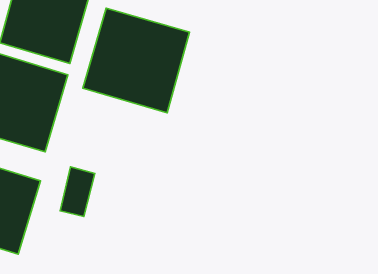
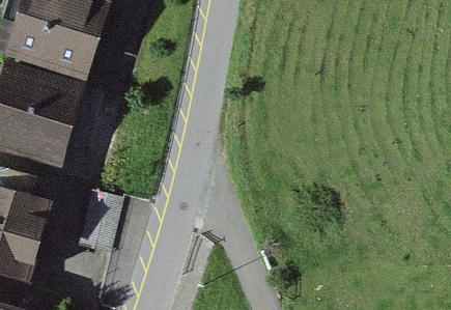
building: [83,8,189,113] -> none

